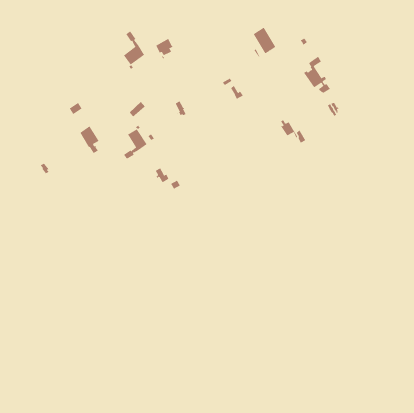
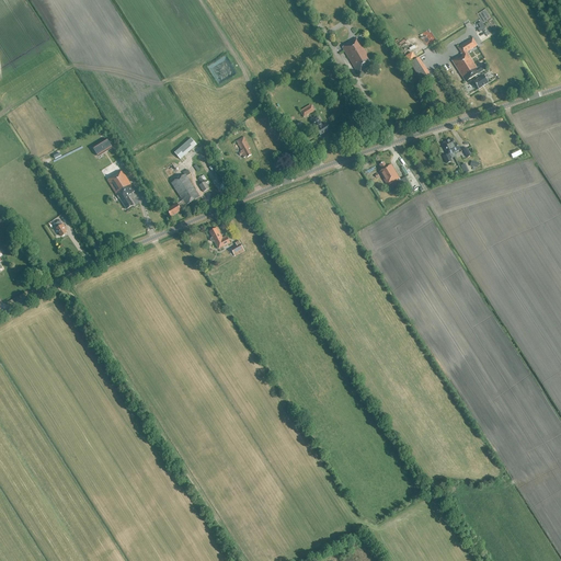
building: [123,31,145,70] -> none
building: [303,56,331,94] -> [451,37,489,89]

